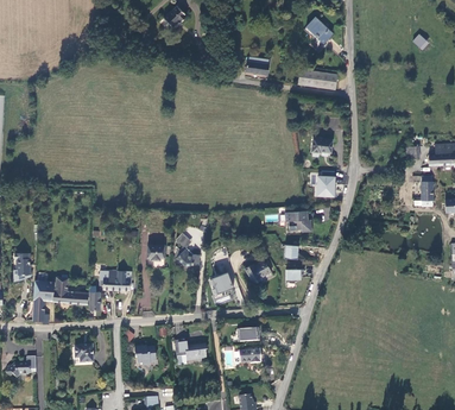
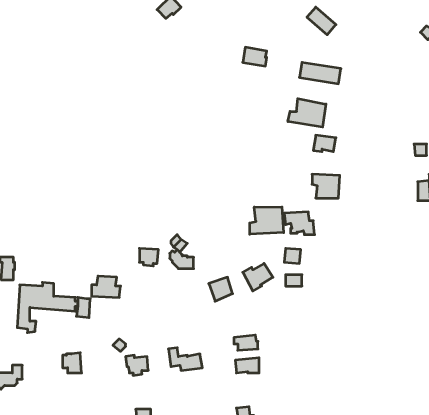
building: none -> [288,99,326,127]
building: none -> [250,207,284,234]

